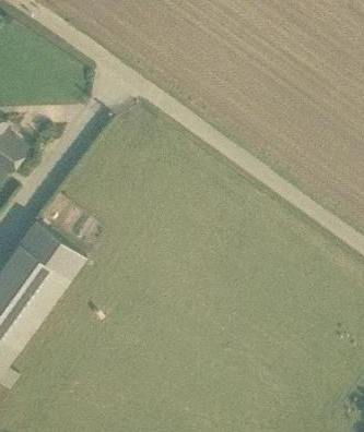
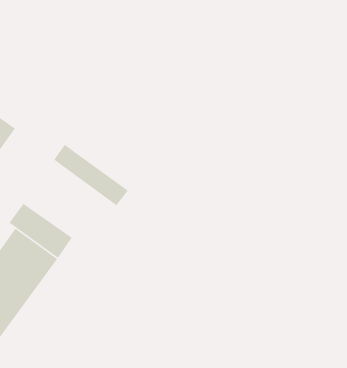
building: none -> [53,144,129,207]

